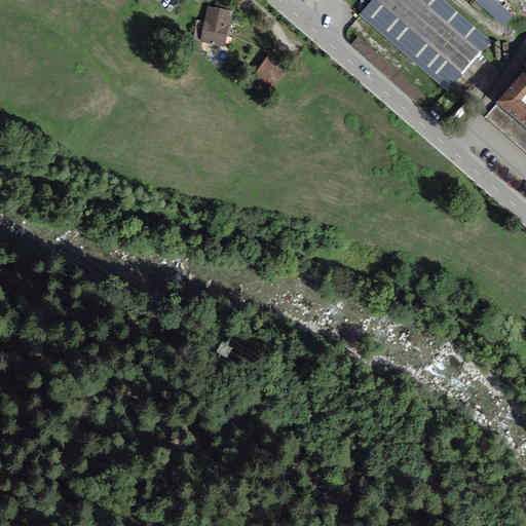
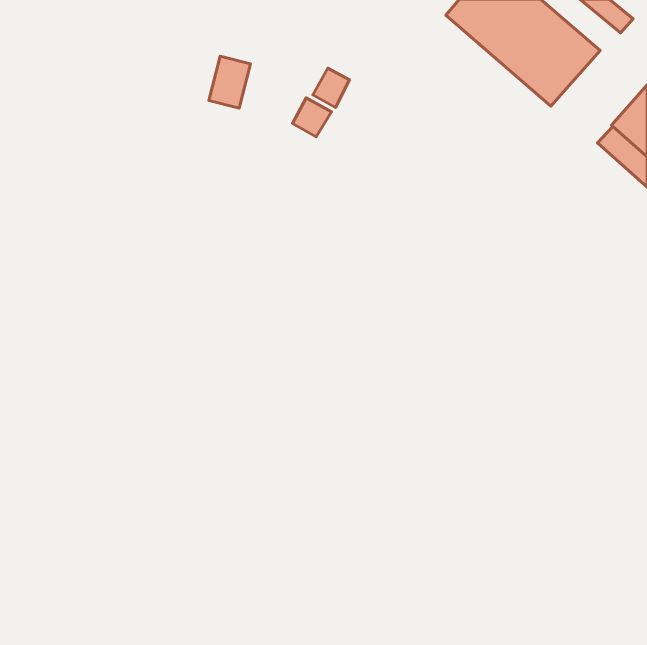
building: [199,6,233,48] -> [209,56,251,108]
building: none -> [293,98,332,137]

